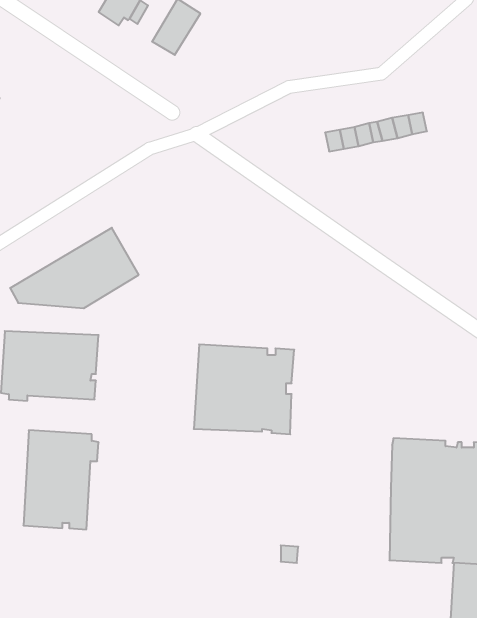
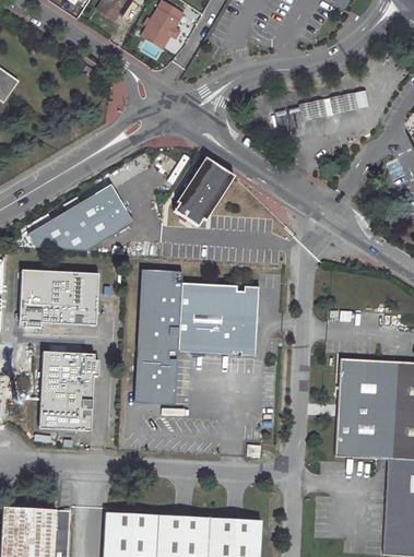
building: none -> [174,158,235,227]
building: none -> [134,268,181,403]

